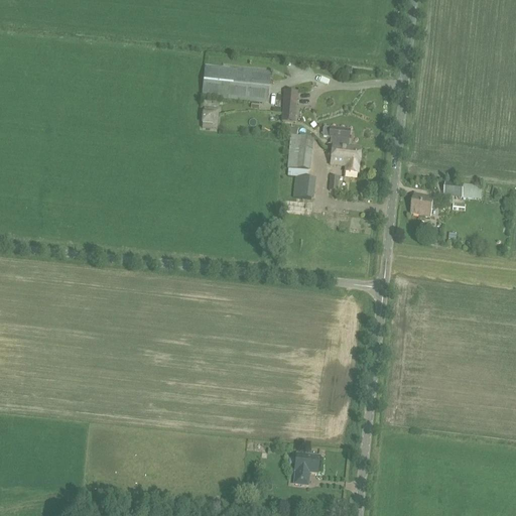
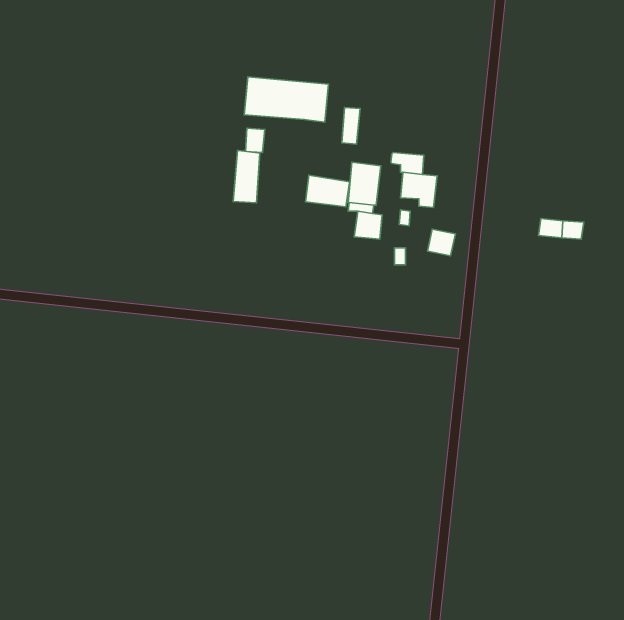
building: none -> [233,150,260,203]
building: none -> [305,175,350,207]
building: [411,194,434,216] -> [427,229,455,256]
building: [294,453,319,483] -> none

